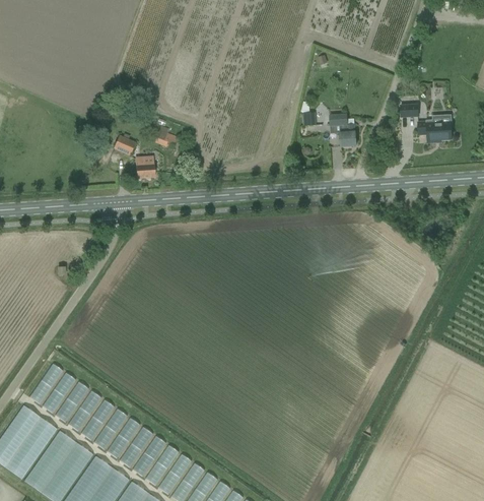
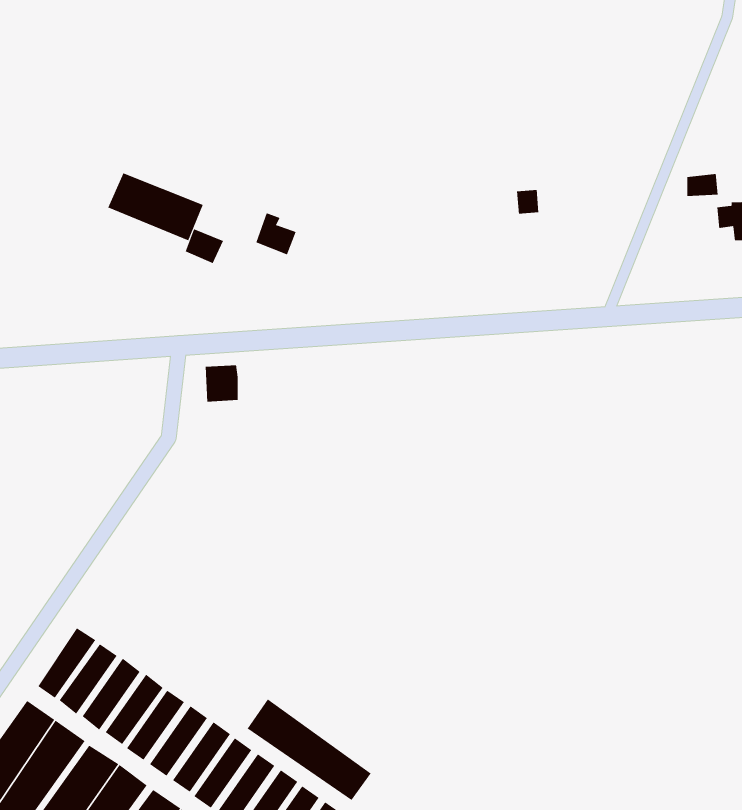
building: none -> [108,173,203,241]
building: [329,115,356,147] -> none
building: [135,158,154,179] -> [205,365,239,402]
building: none -> [247,699,372,801]

